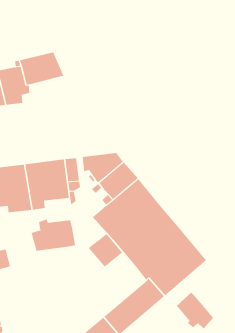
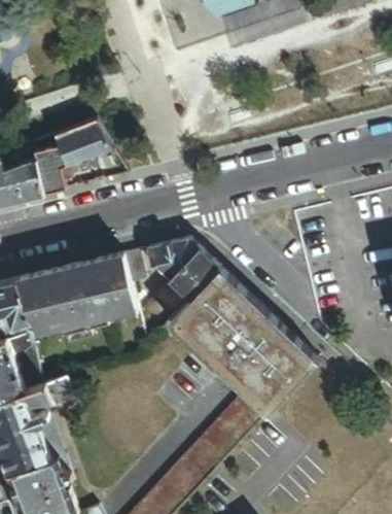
building: [31,219,76,252] -> none
building: [88,233,123,268] -> none
building: [176,292,214,329] -> none

